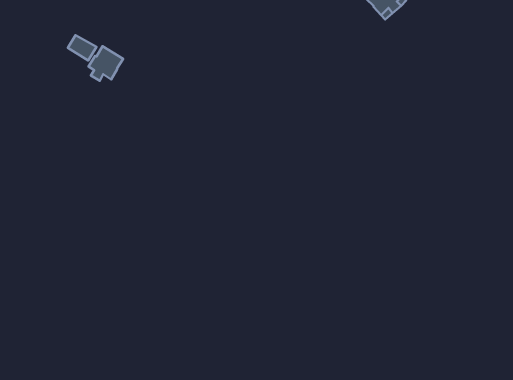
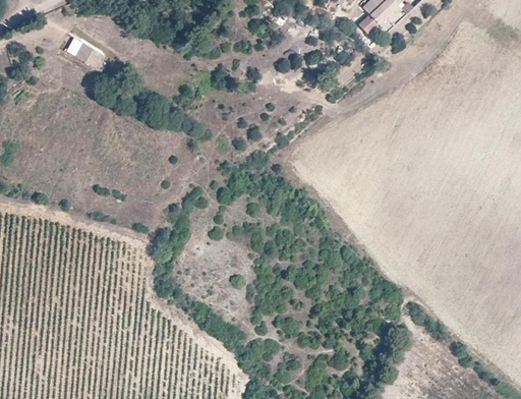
building: [88,46,123,81] -> none

